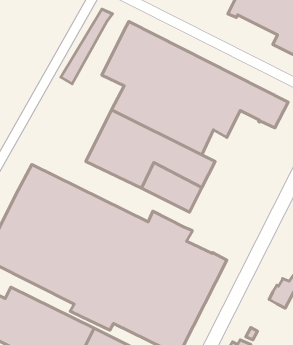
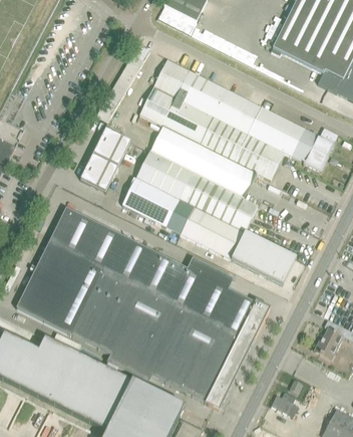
building: none -> [80,129,130,192]
building: none -> [231,232,295,284]

